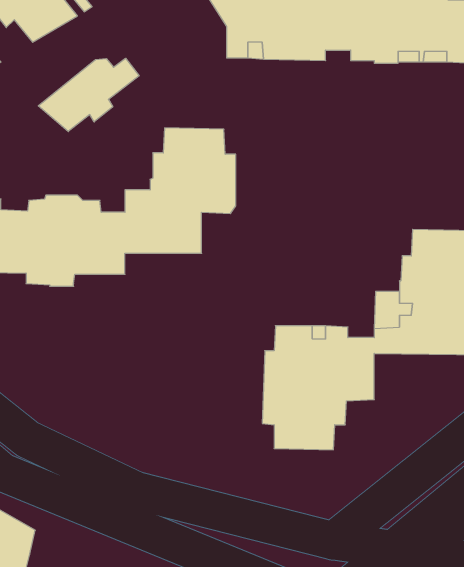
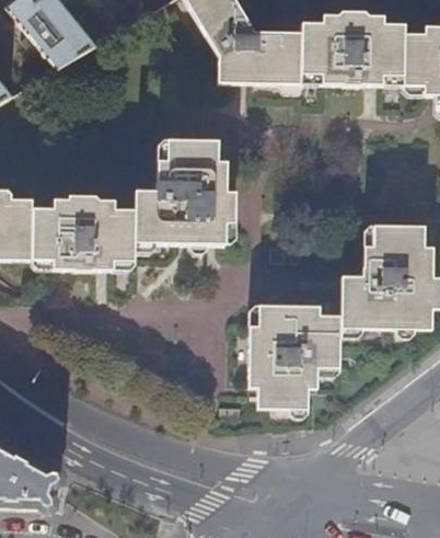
building: [38,58,139,132] -> none
building: none -> [197,191,235,243]

